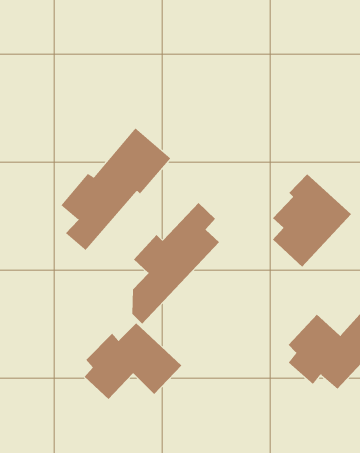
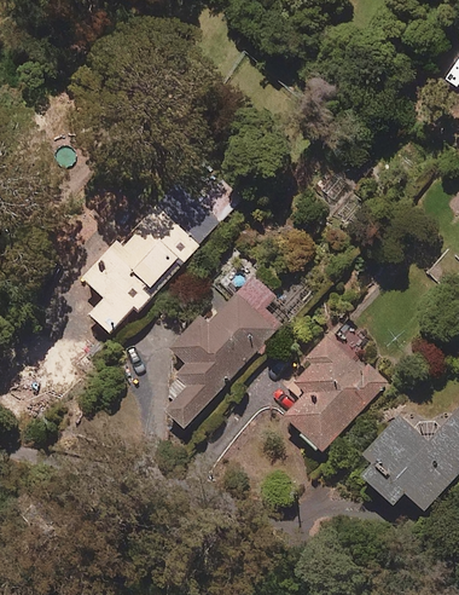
building: [272,173,352,268] -> [285,334,384,451]
building: [84,322,182,400] -> none

